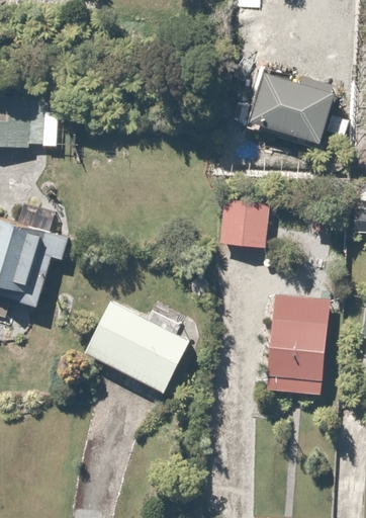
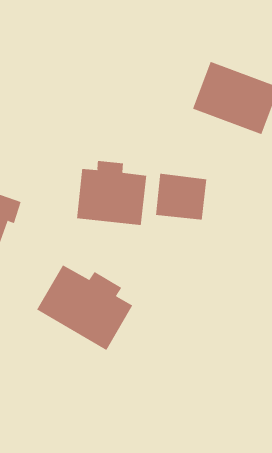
building: none -> [76,160,147,226]
building: [266,295,330,393] -> none

